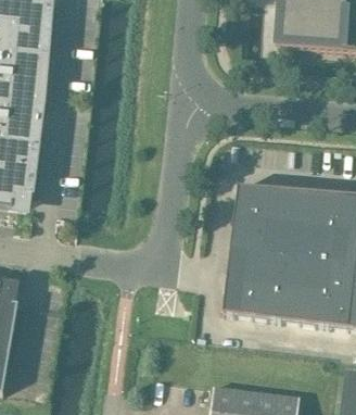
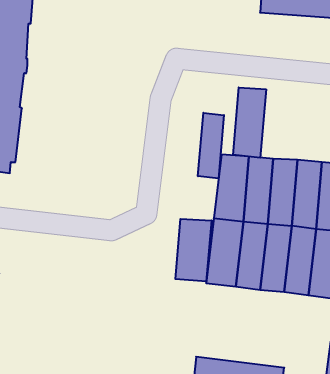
building: none -> [233,87,266,158]
building: none -> [198,113,224,179]
building: none -> [175,219,212,282]

